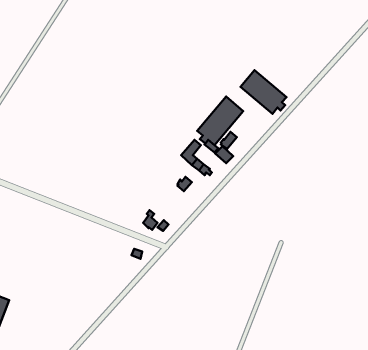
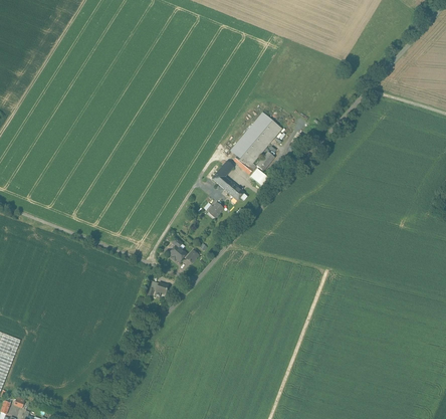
building: [240,70,286,114] -> none

